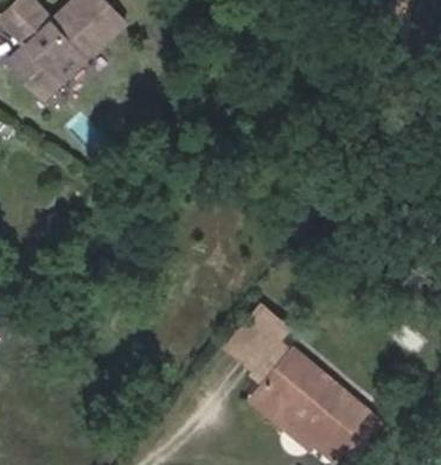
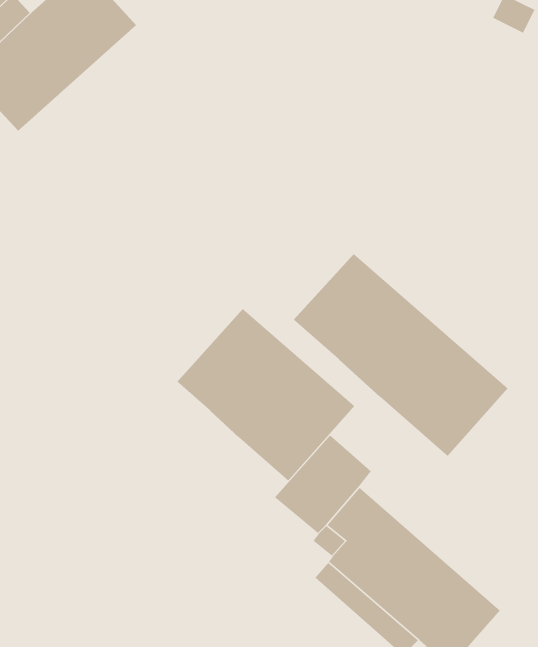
building: none -> [293,253,508,457]
building: none -> [176,308,355,482]

